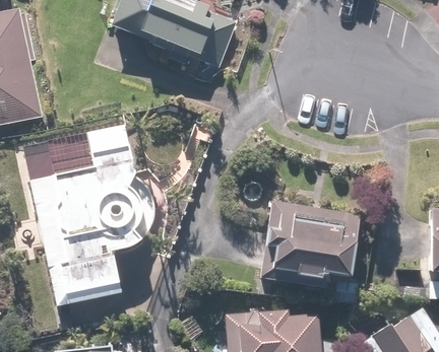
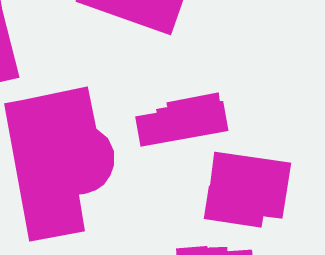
building: none -> [134,92,229,148]

